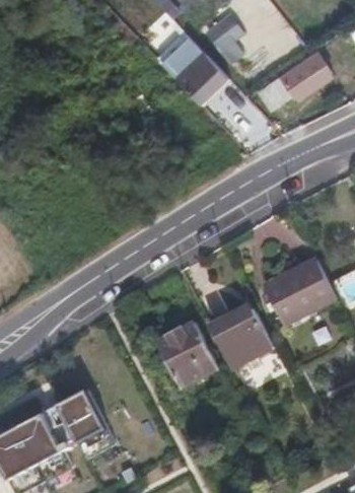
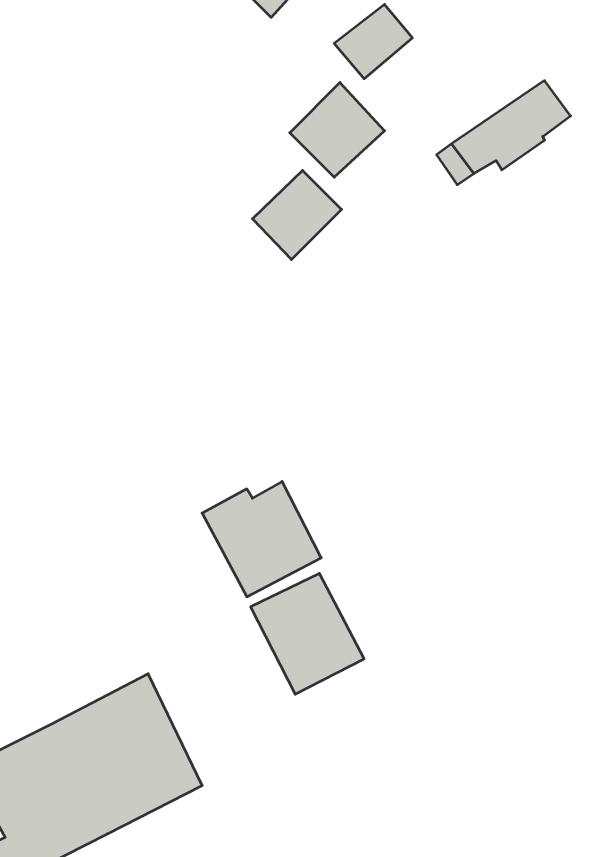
building: [156,32,205,81] -> [252,170,342,260]
building: [263,259,337,325] -> none
building: [209,306,274,369] -> [202,481,321,597]

